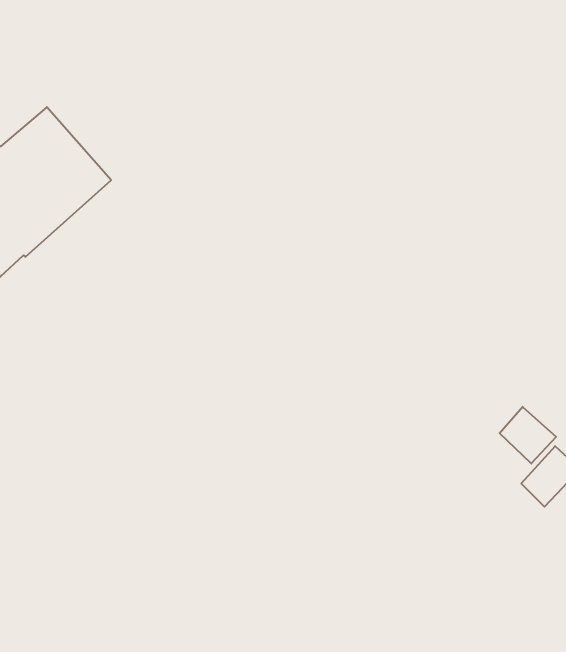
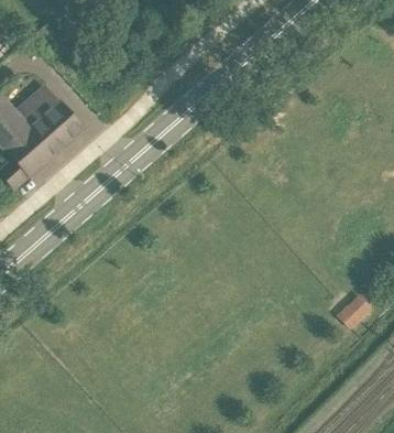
building: [500,407,556,464] -> none

